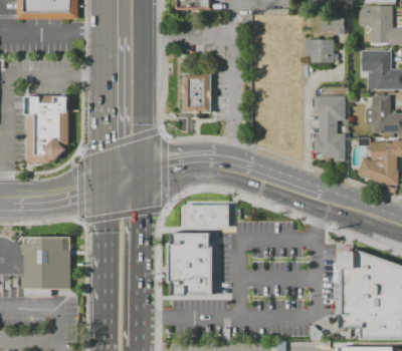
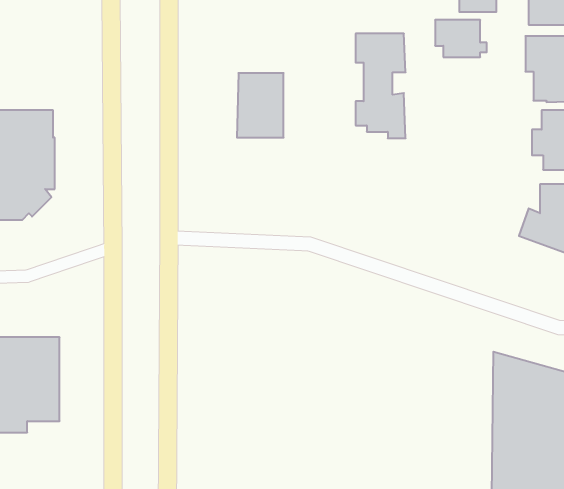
building: [315,96,346,161] -> [356,34,406,138]
building: [184,206,230,227] -> none
building: [167,234,213,297] -> none

